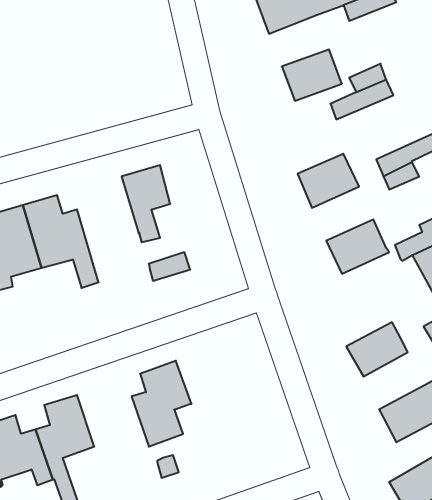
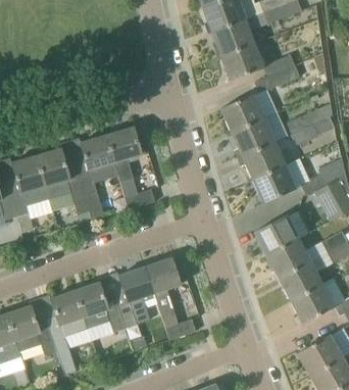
building: none -> [211,19,254,56]
building: none -> [220,94,264,133]
building: none -> [74,135,118,220]
building: none -> [242,142,286,181]
building: none -> [254,214,299,256]
building: none -> [145,257,196,340]
building: none -> [279,260,322,301]
building: none -> [74,282,126,331]

